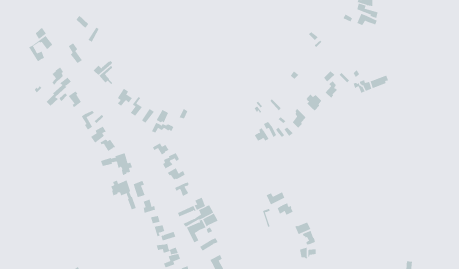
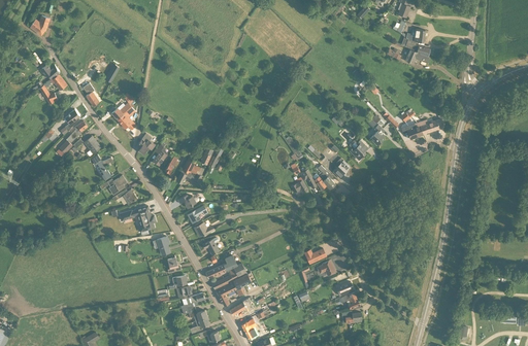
building: [111,180,136,210] -> none

